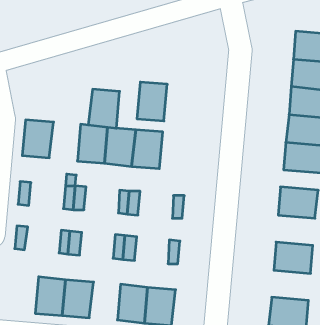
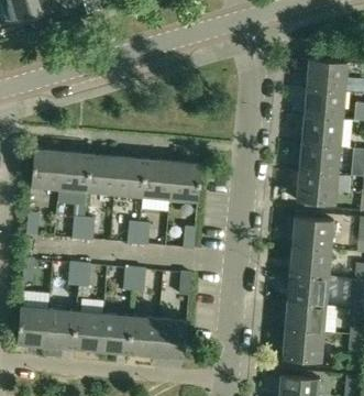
building: [137,82,167,121] -> [170,162,201,201]
building: [88,89,120,128] -> [58,152,90,191]
building: none -> [289,246,329,277]
building: none -> [285,302,324,333]
building: none -> [15,307,47,346]
building: none -> [99,315,131,353]

